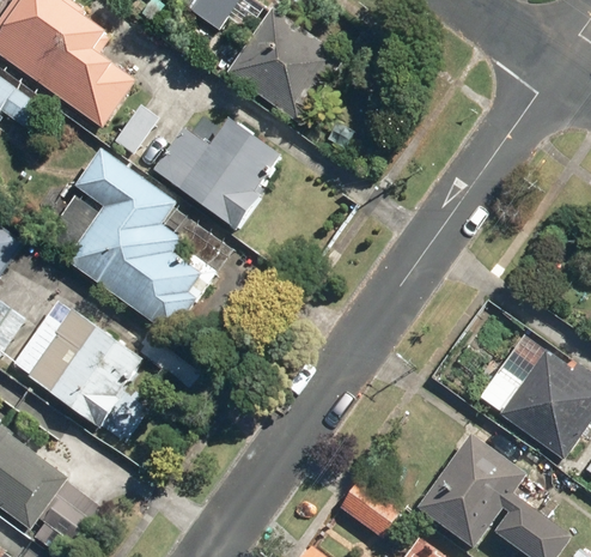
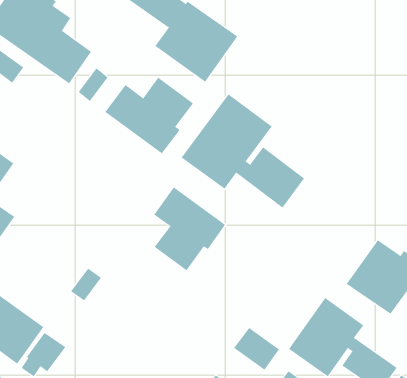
building: none -> [181,93,305,208]
building: [65,149,202,337] -> none
building: none -> [153,186,226,271]
building: [10,297,144,426] -> none

